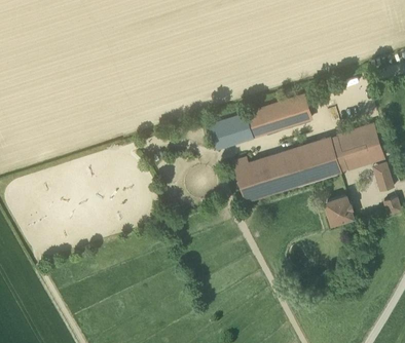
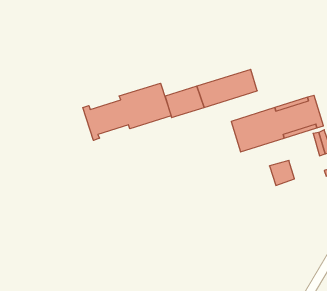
building: none -> [83,83,171,140]
building: [233,153,293,201] -> none

